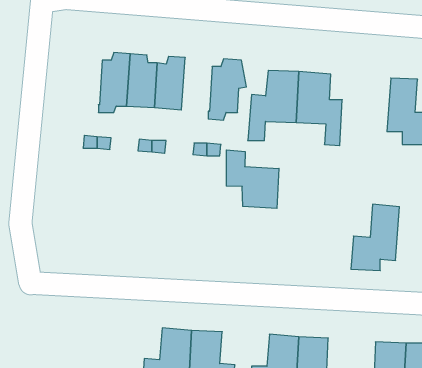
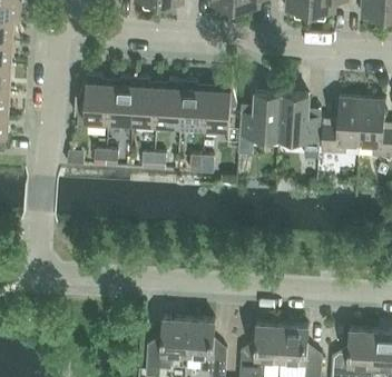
building: none -> [78,75,110,122]
building: none -> [179,81,206,128]
building: [226,150,279,208] -> none
building: [351,204,399,271] -> [320,97,362,155]

